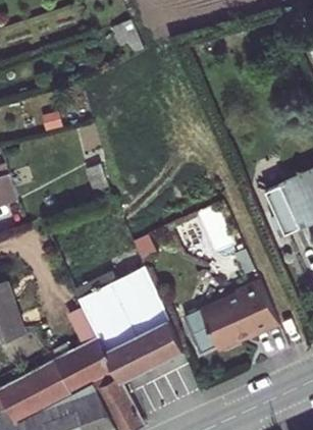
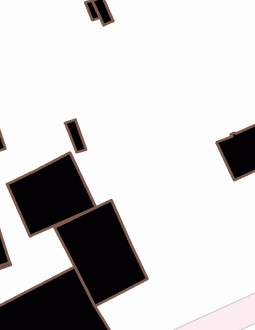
building: none -> [7,153,96,236]
building: [184,281,278,355] -> none

